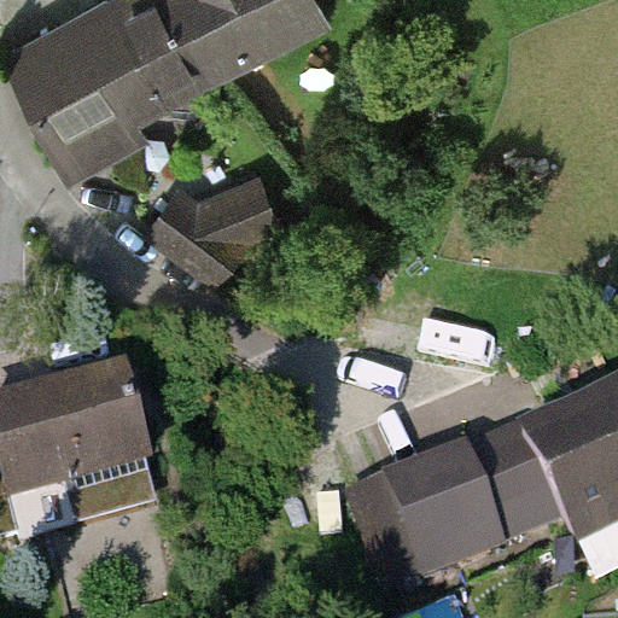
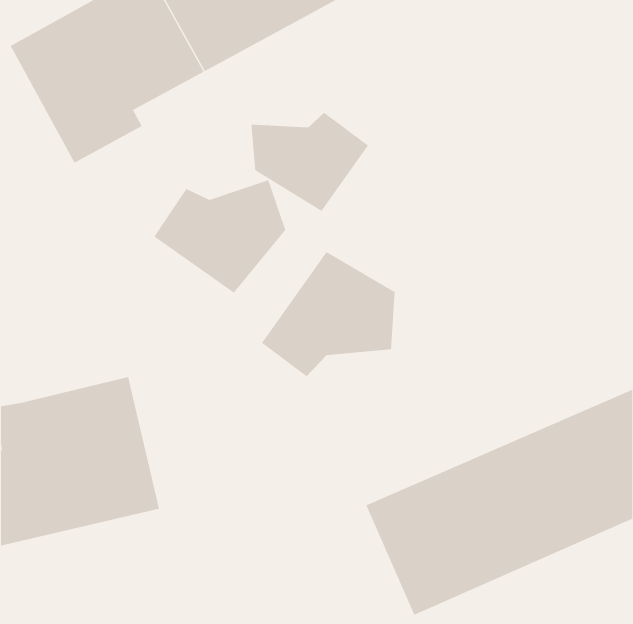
building: none -> [251,112,369,212]
building: none -> [261,251,395,377]

